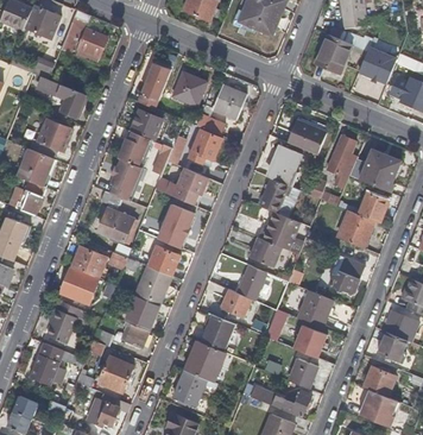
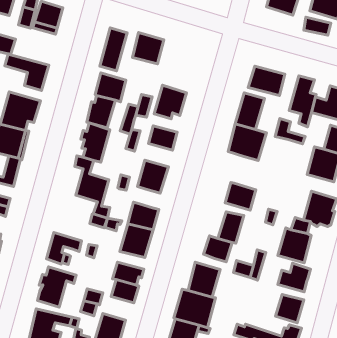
building: [195,84,246,135] -> none
building: [260,212,303,254] -> none
building: [69,246,106,278] -> none

